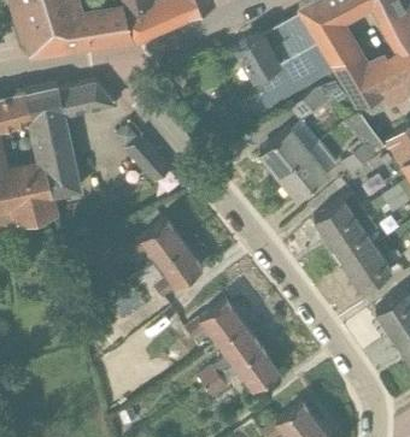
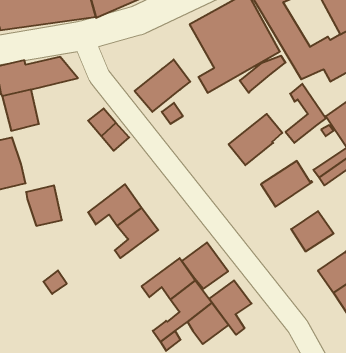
building: [259,119,320,176] -> [135,59,190,112]
building: [43,154,82,197] -> [26,185,62,226]
building: [329,217,376,267] -> none
building: none -> [182,242,228,289]
building: none -> [209,280,252,335]

